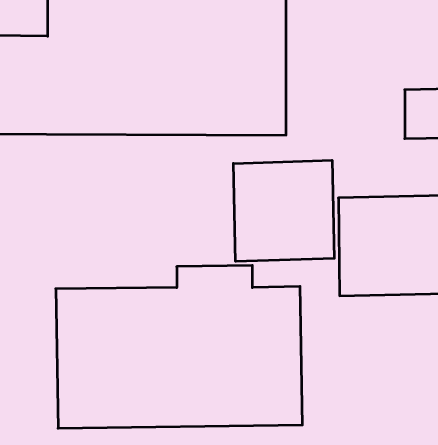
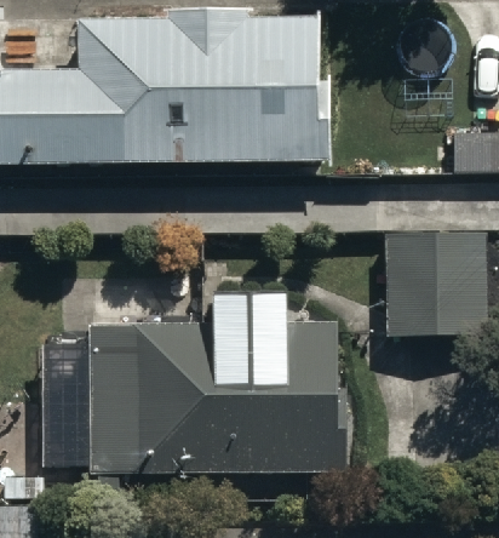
building: [233,160,334,261] -> none

